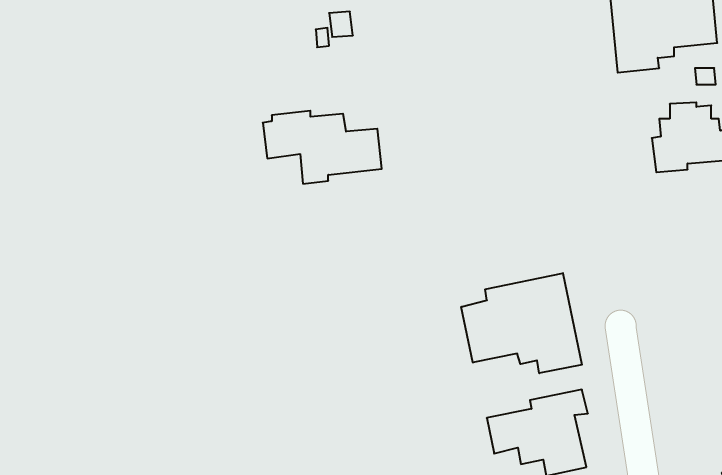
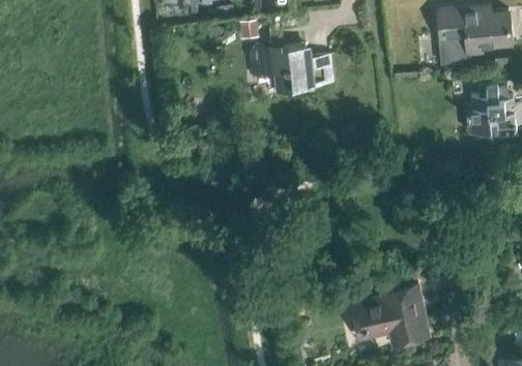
building: [263,111,382,184] -> [250,44,332,95]
building: [461,273,582,373] -> none

